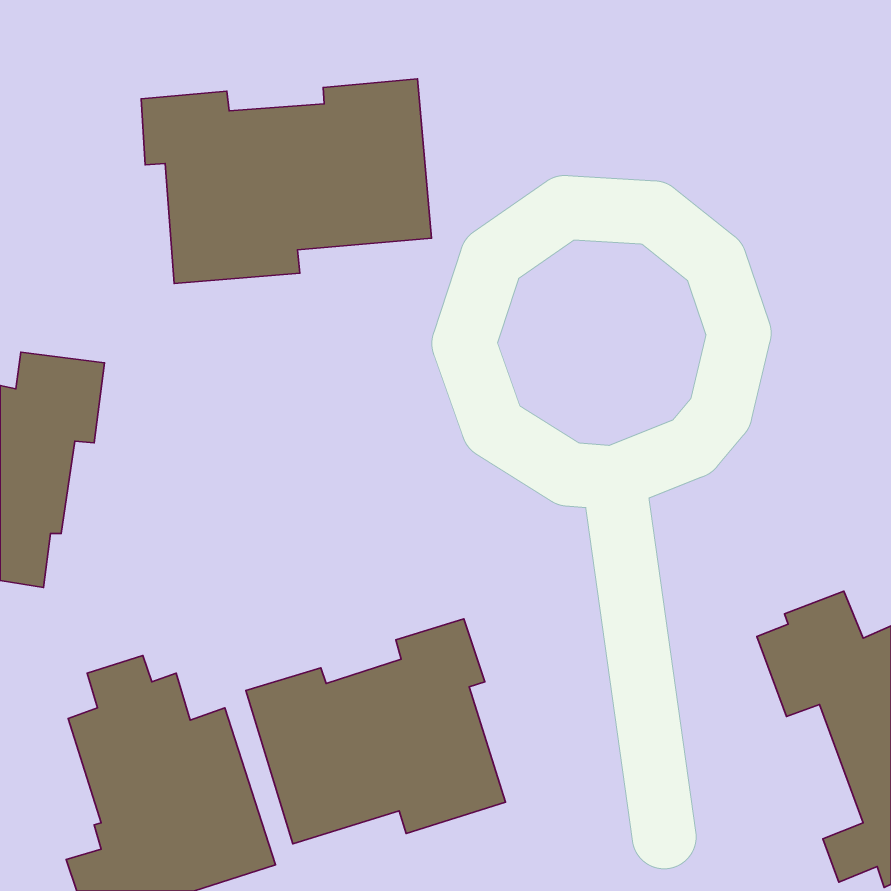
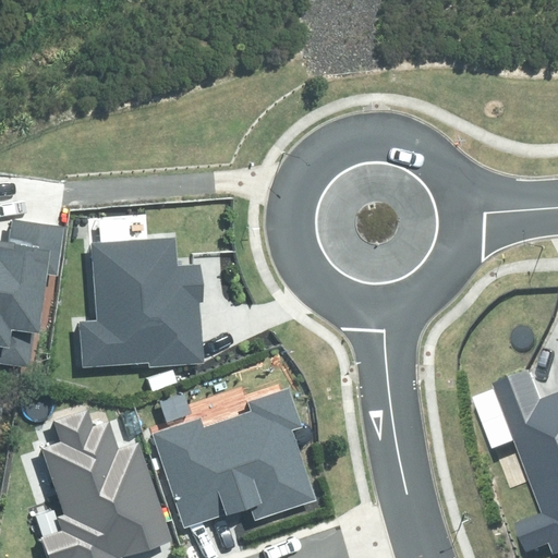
building: [141,79,432,284] -> none
building: none -> [78,238,204,368]

